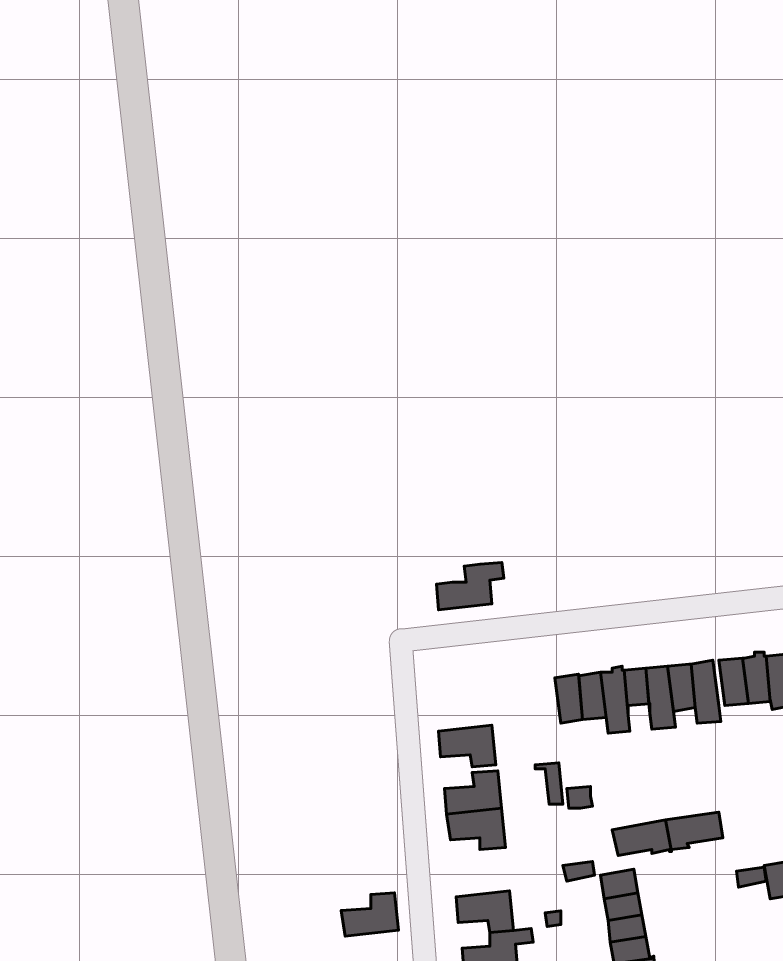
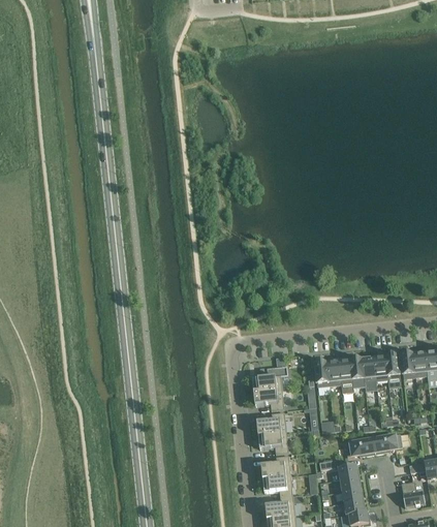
building: [437,562,504,610] -> [252,366,287,391]
building: [341,893,399,936] -> [260,455,290,477]
building: none -> [401,481,425,505]

